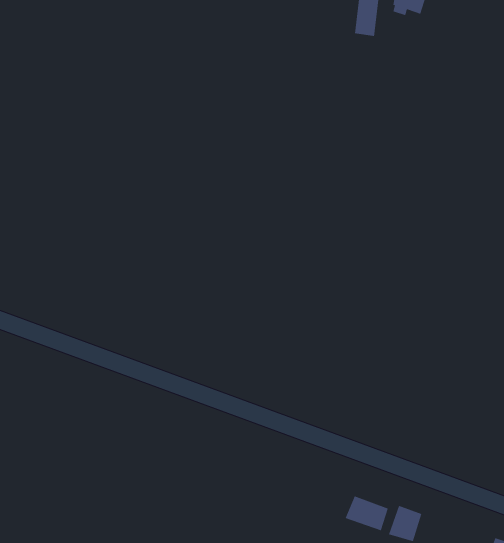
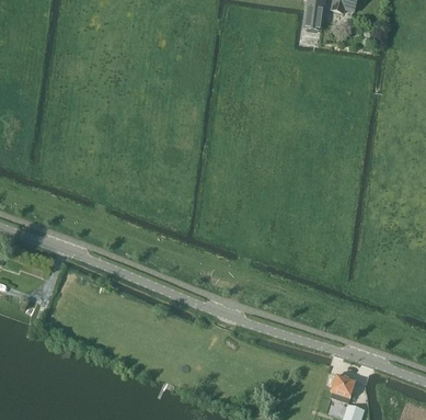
building: [345,496,388,531] -> none

